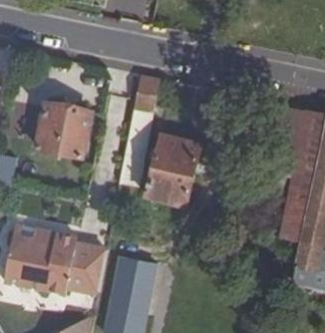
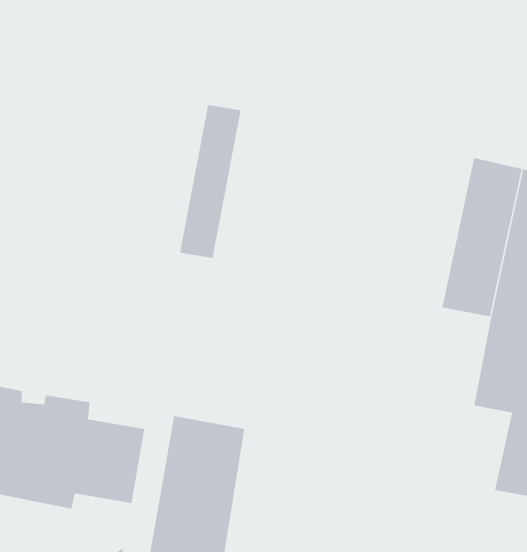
building: [34,105,87,159] -> none
building: [149,138,203,209] -> none

